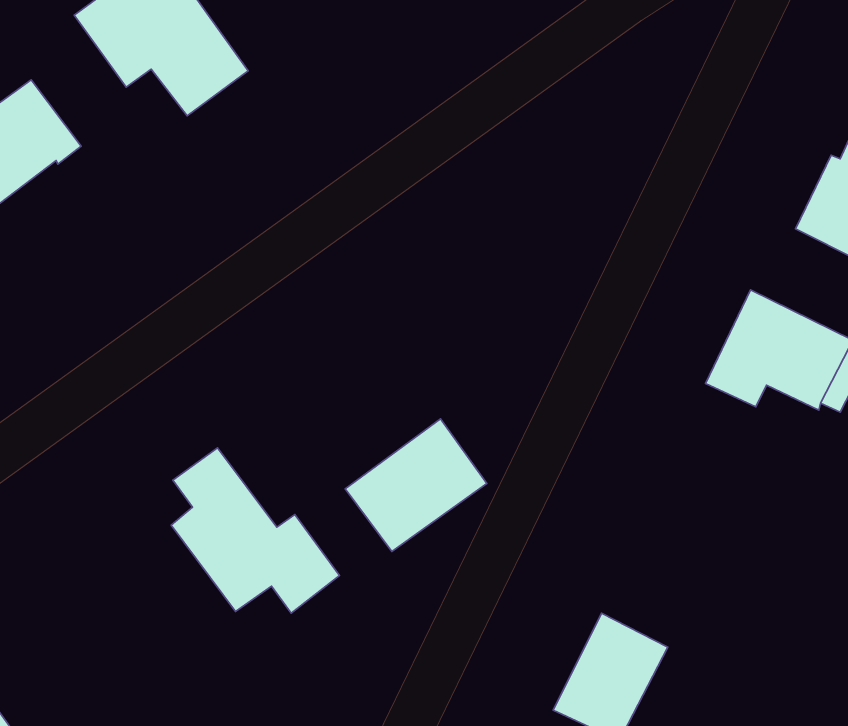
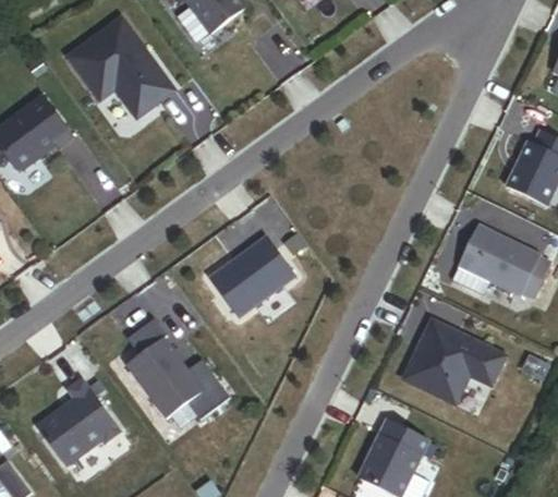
building: [345,419,487,552] -> [209,235,295,316]
building: none -> [404,320,506,404]
building: none -> [37,378,120,464]

